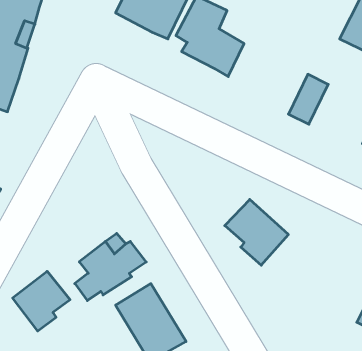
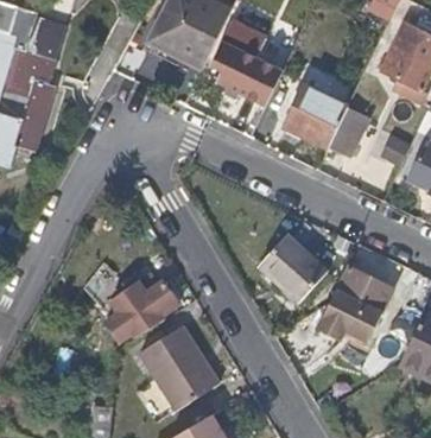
building: none -> [284,85,348,147]
building: none -> [317,267,397,345]
building: [13,271,70,331] -> none

